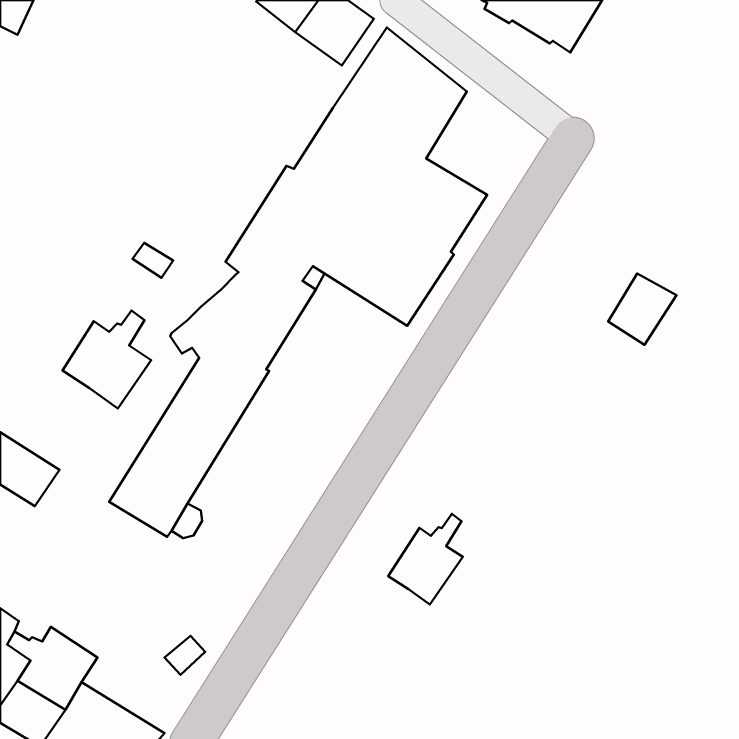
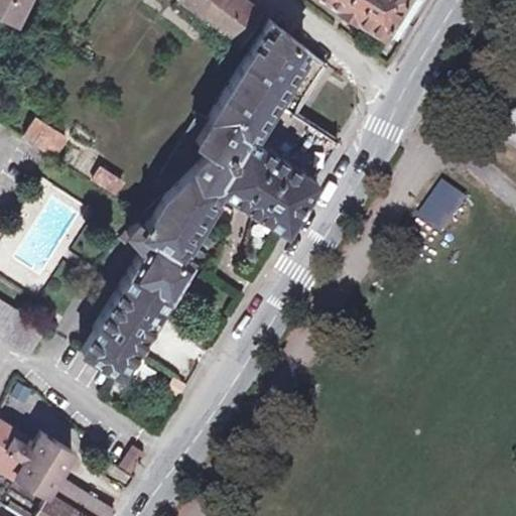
building: none -> [26,117,69,156]
building: [62,310,151,409] -> none
building: [388,514,463,605] -> none

